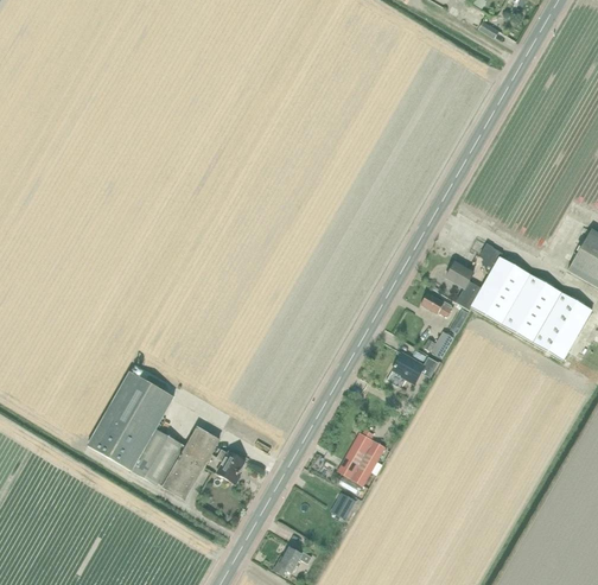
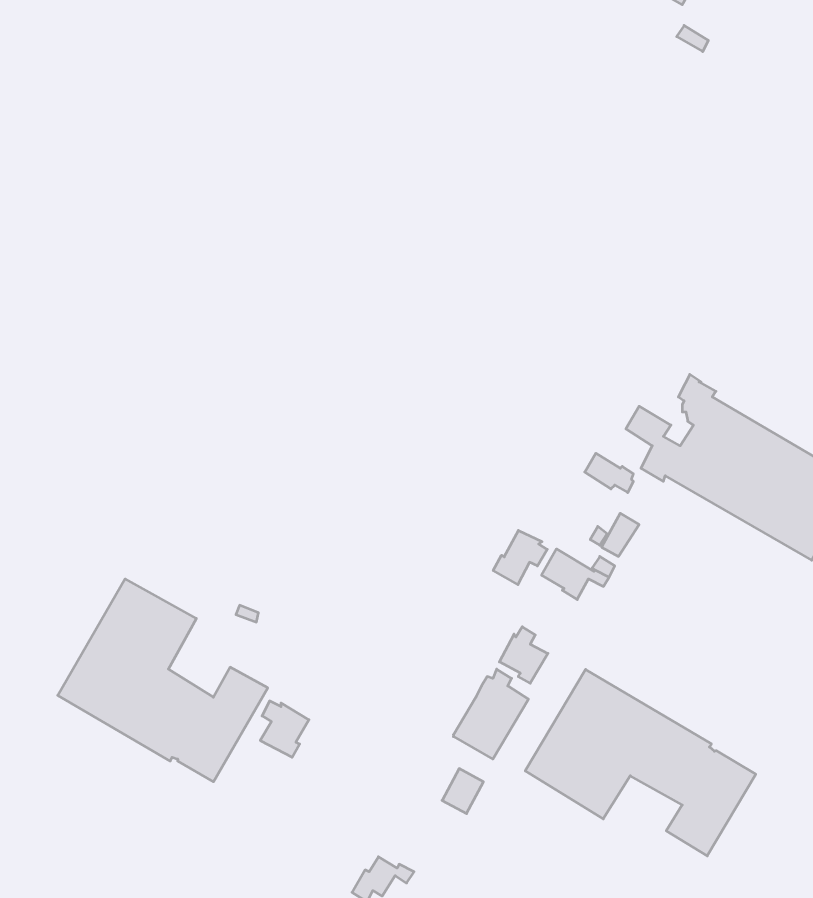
building: none -> [493,530,547,585]
building: none -> [499,627,548,683]
building: none -> [525,669,756,856]

